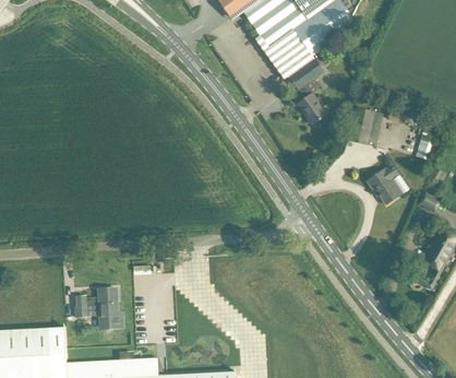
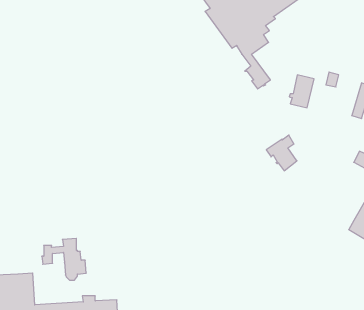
building: [367,165,400,204] -> [266,135,297,171]

